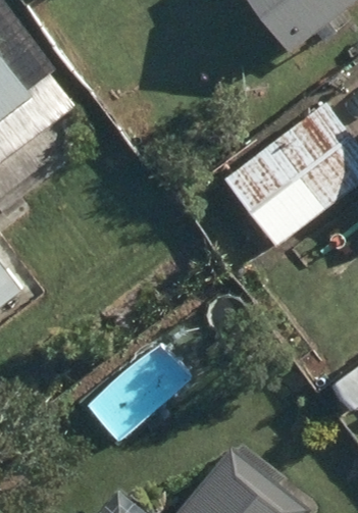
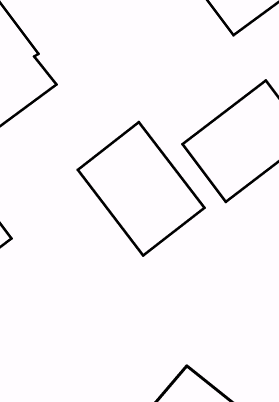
building: none -> [78,122,204,255]

